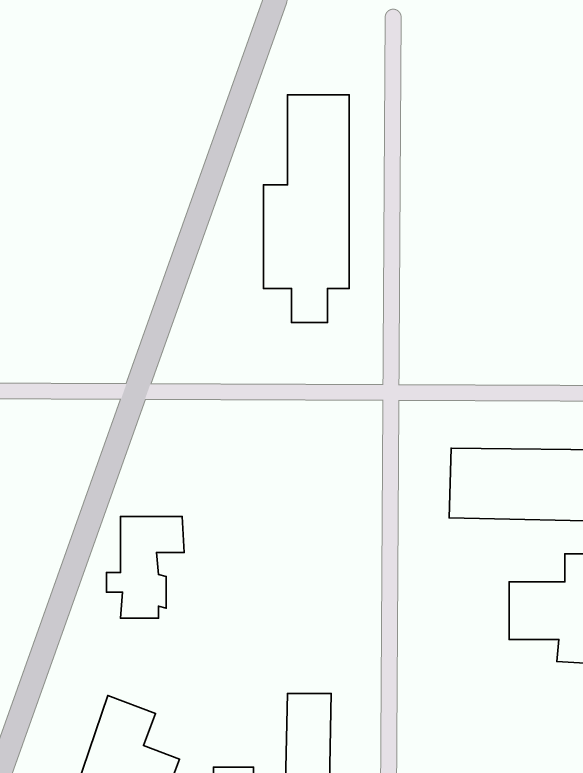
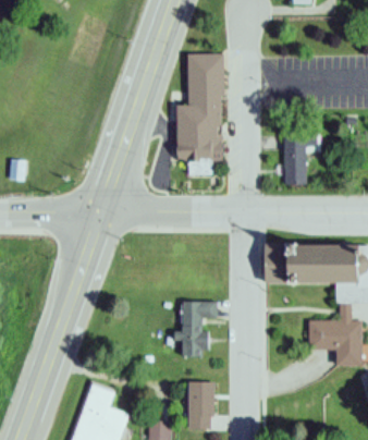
building: none -> [282,134,318,187]
building: [106,517,184,618] -> [175,300,218,355]

